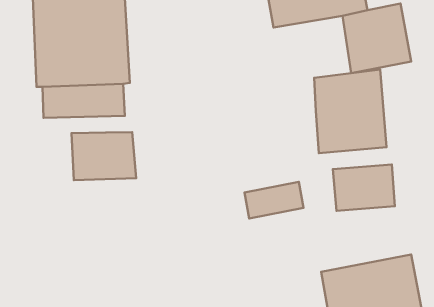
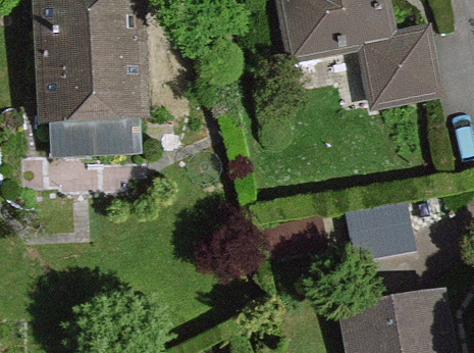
building: [314,70,387,153] -> none
building: [72,132,136,180] -> none

